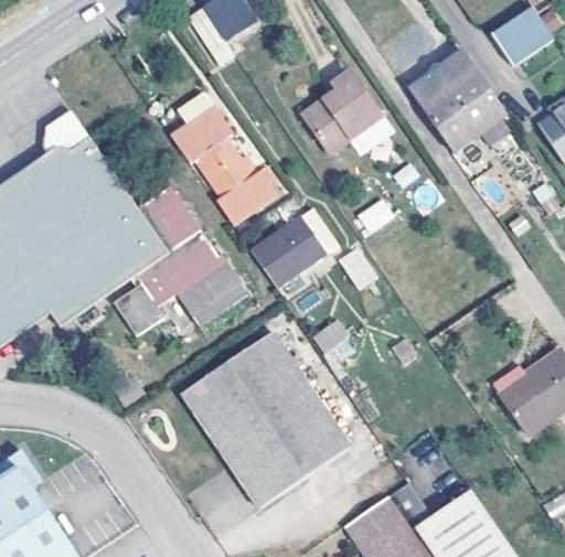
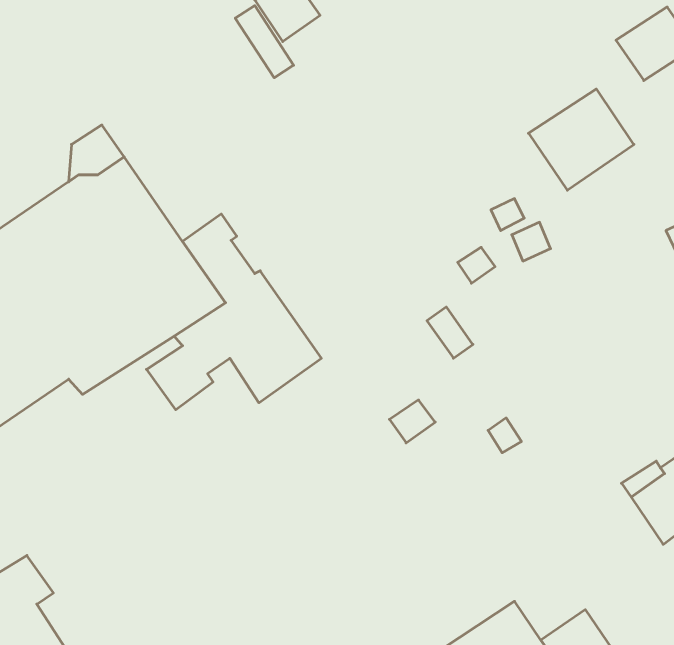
building: [408,54,476,109] -> none
building: [303,73,380,152] -> none
building: [172,92,271,223] -> none
building: [250,207,340,289] -> none
building: [178,334,347,511] -> none

